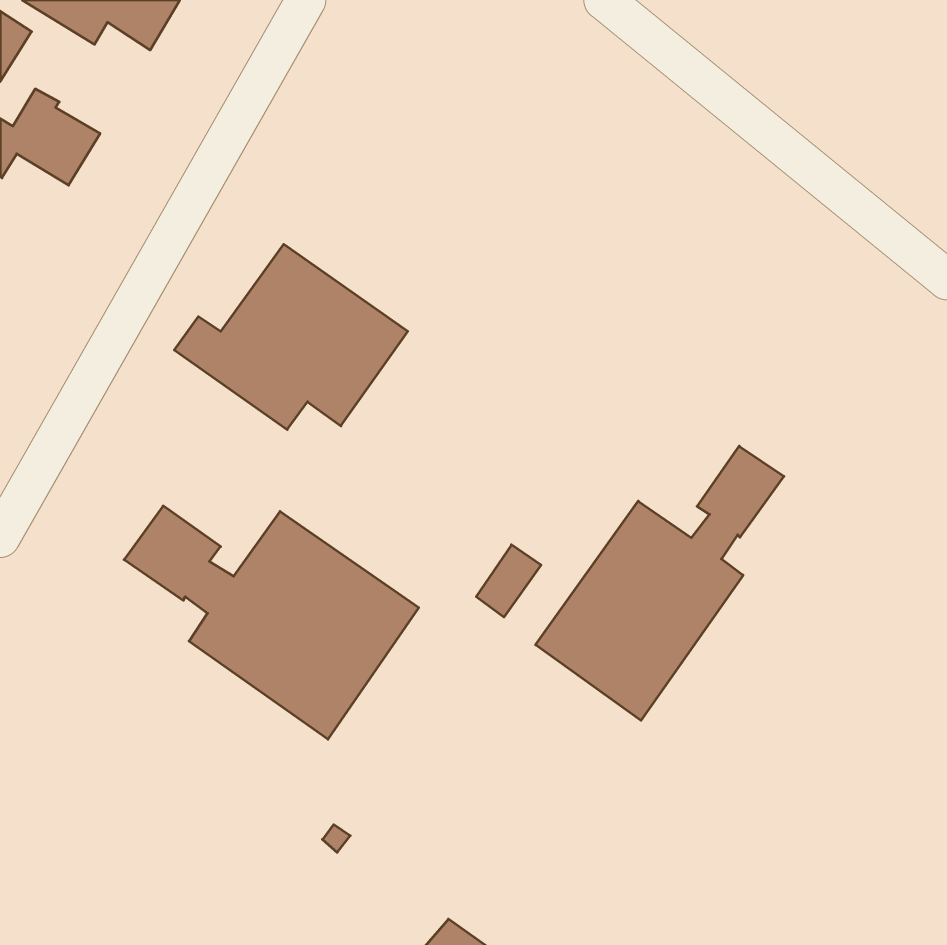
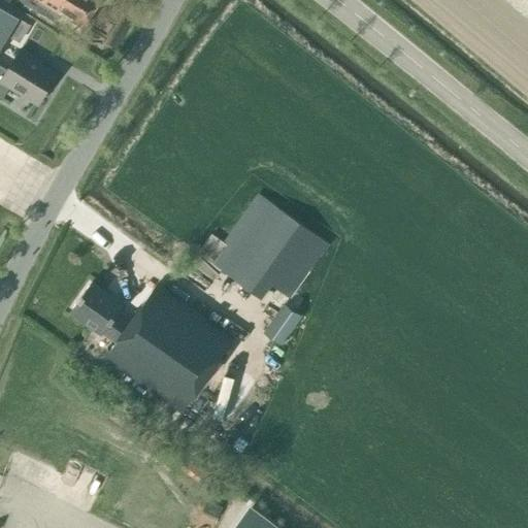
building: [174,244,408,430] -> [198,195,328,298]
building: [536,446,784,720] -> none

